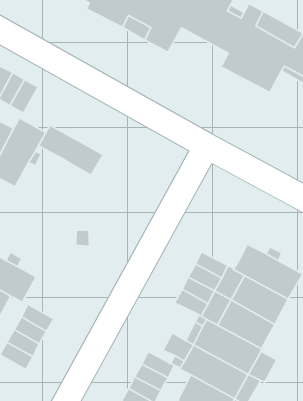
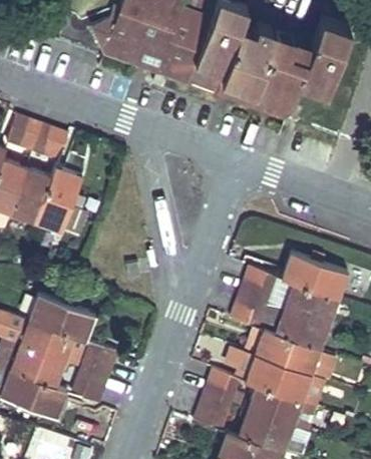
building: none -> [187,57,289,117]
building: [39,125,103,175] -> none

